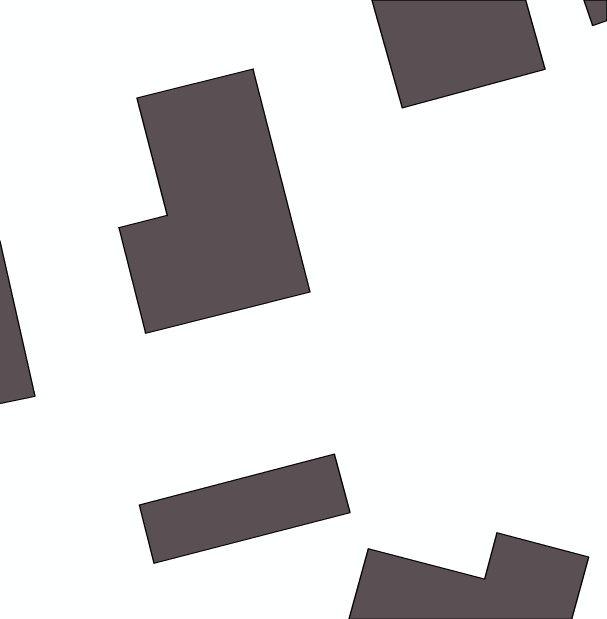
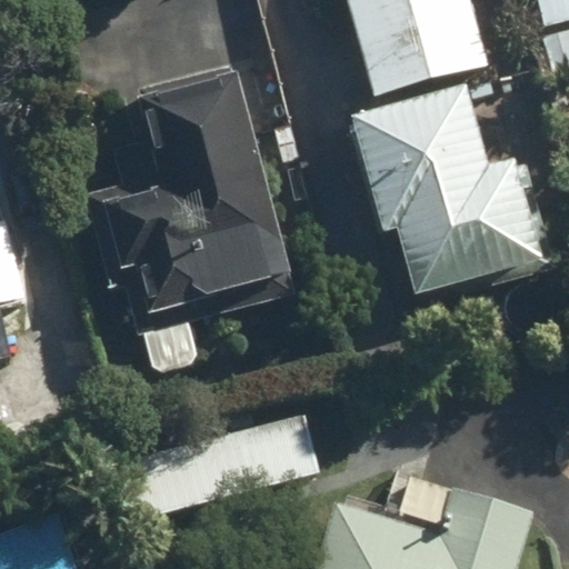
building: none -> [361,84,536,272]

